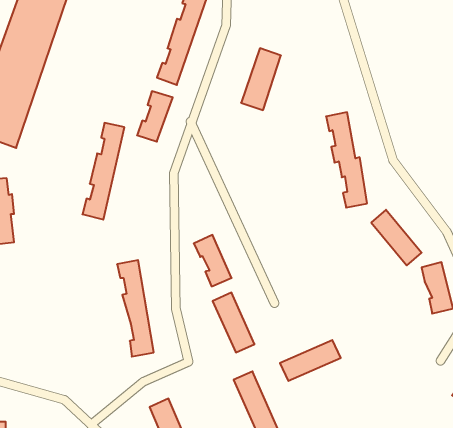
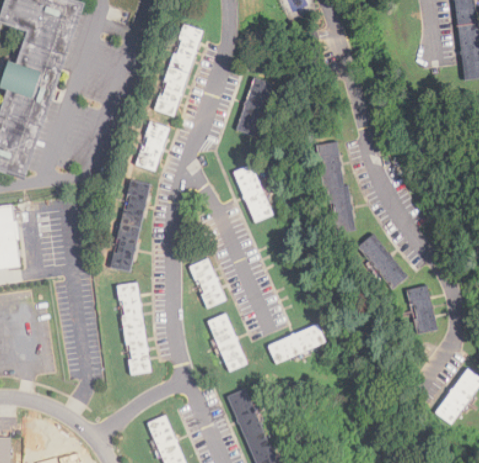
building: [82,123,124,220] -> [109,180,149,272]
building: none -> [233,164,272,222]
building: [280,340,341,381] -> [267,324,325,363]

